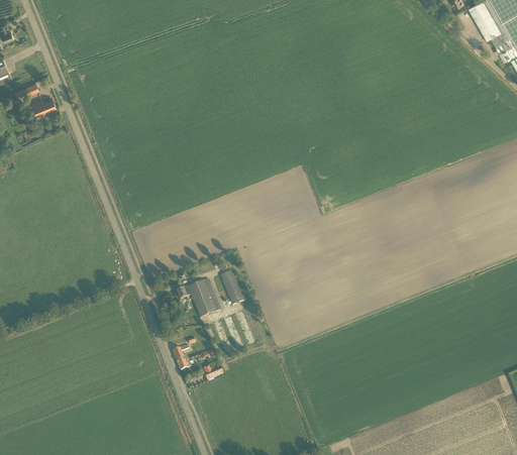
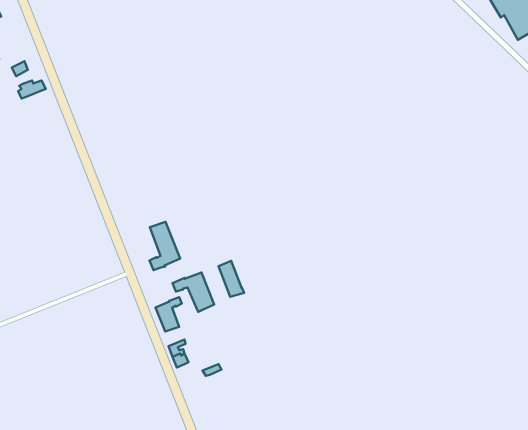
building: none -> [150,222,180,270]
building: none -> [156,297,182,332]

